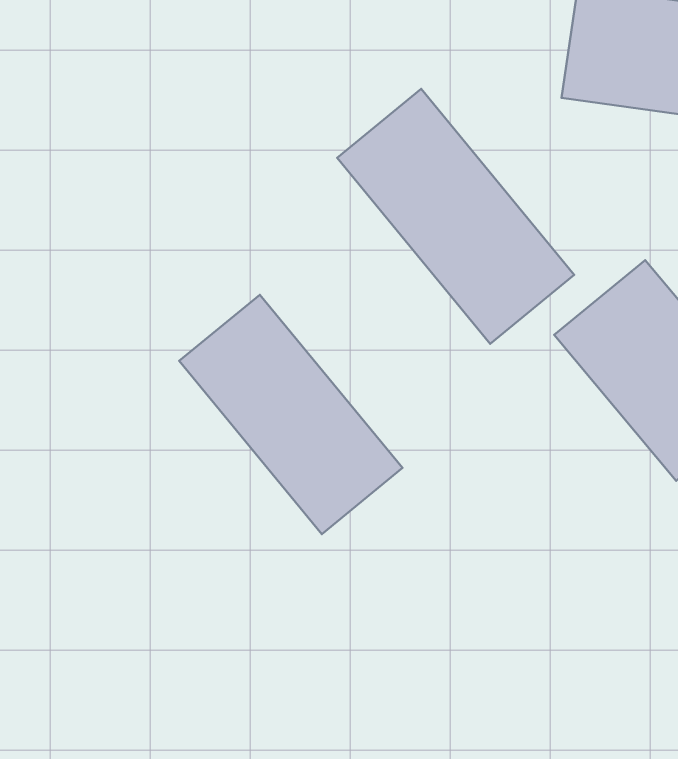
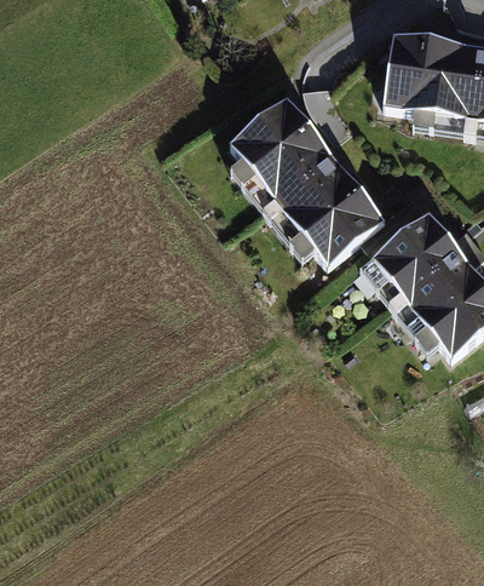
building: [179,295,403,534] -> none

